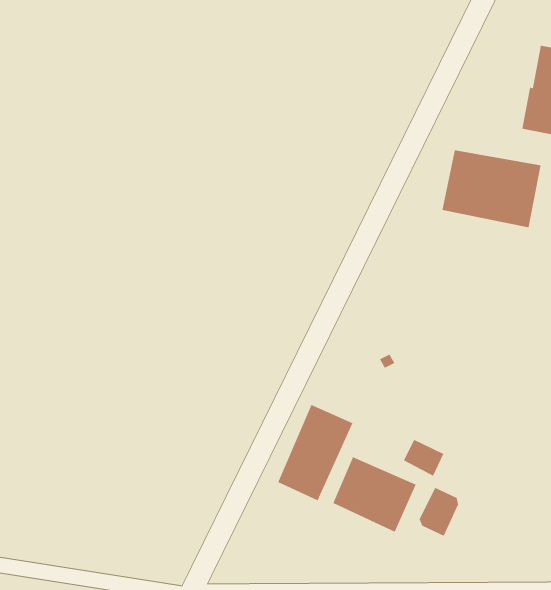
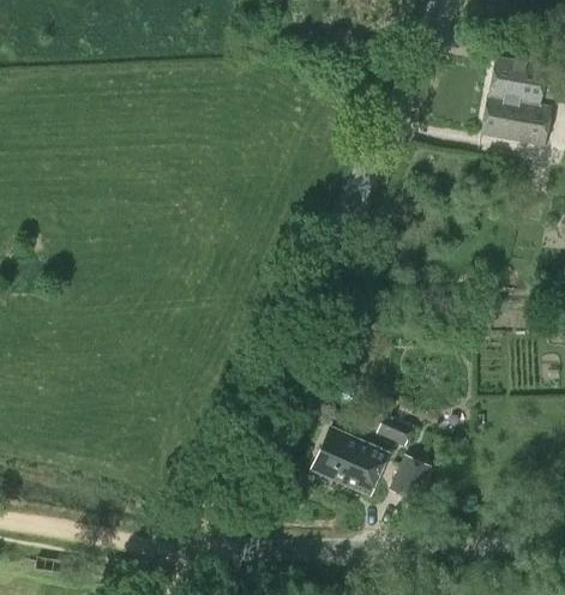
building: [442,149,541,228] -> none
building: [278,404,353,501] -> none

